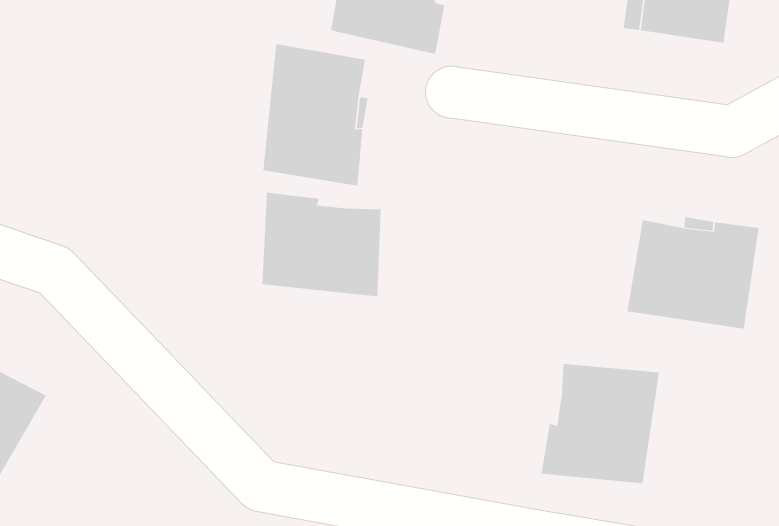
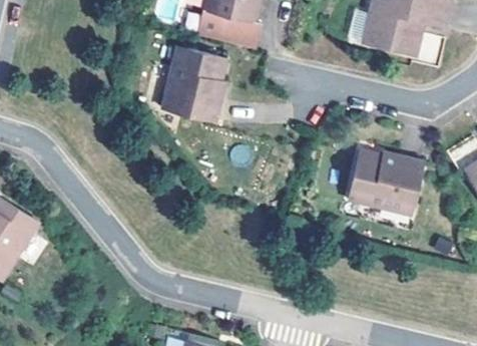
building: [262,192,381,297] -> none
building: [541,363,660,484] -> none

